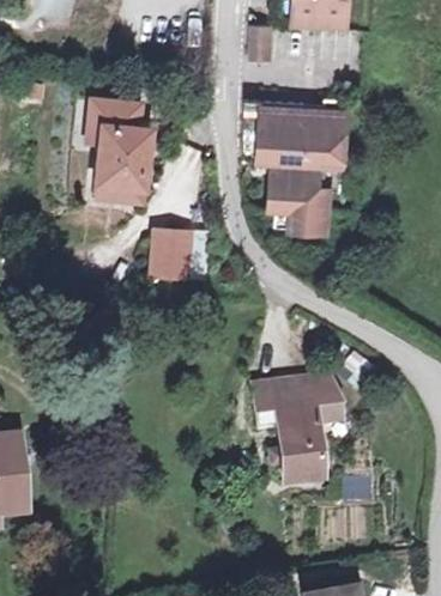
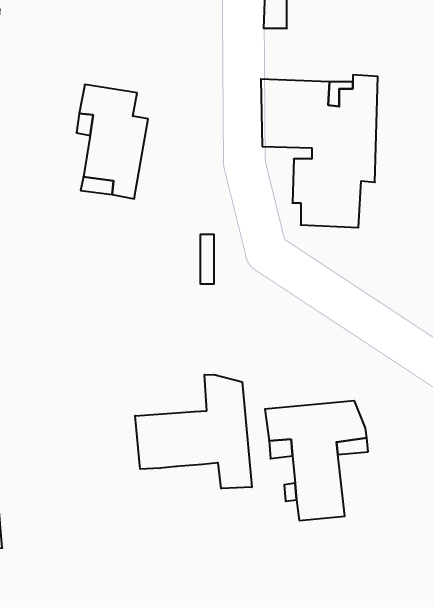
building: [150,231,189,279] -> none
building: none -> [135,375,252,489]

